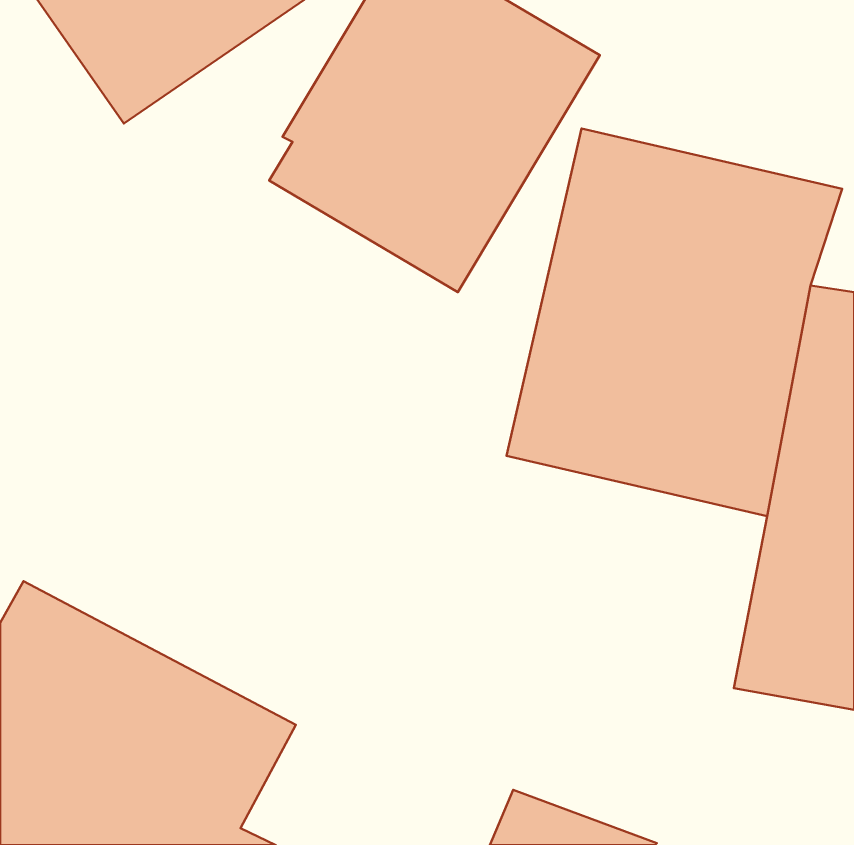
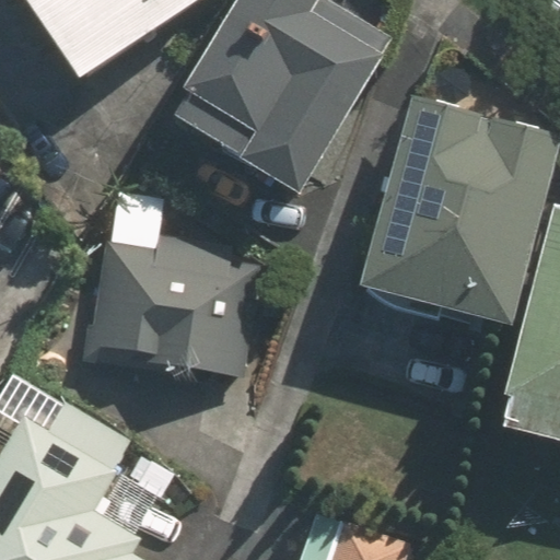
building: none -> [88,237,270,380]

